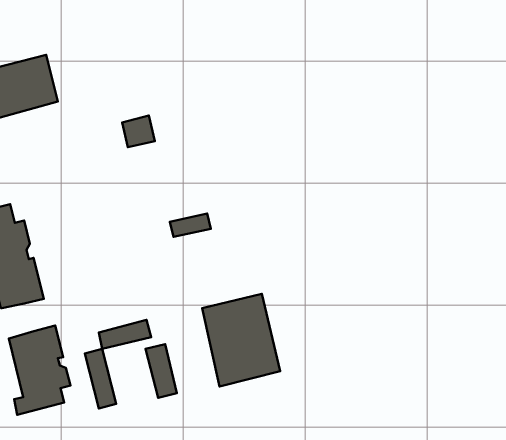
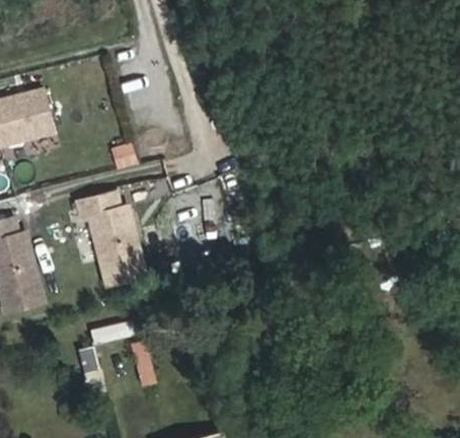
building: none -> [78,193,145,284]
building: [202,294,280,386] -> none
building: [9,326,71,415] -> none

